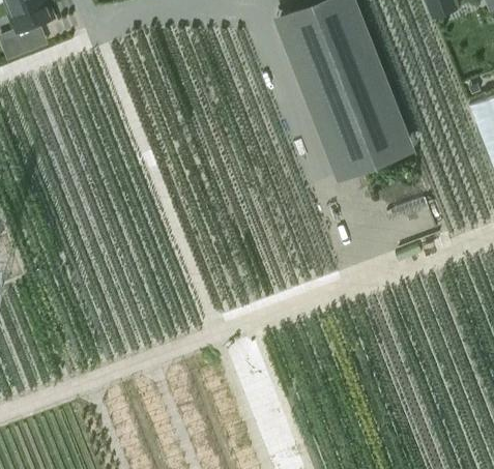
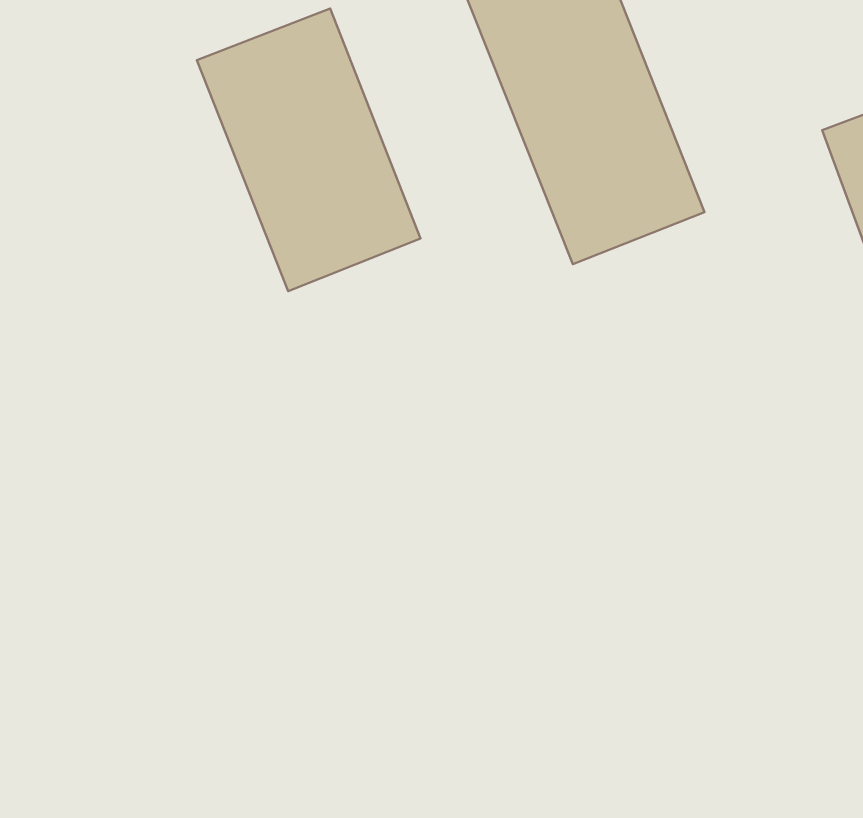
building: none -> [197,9,420,291]

